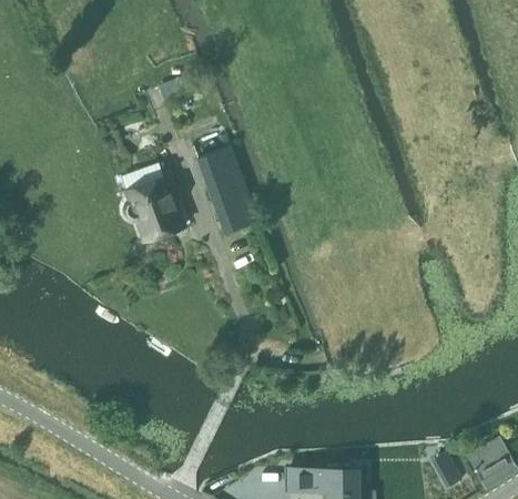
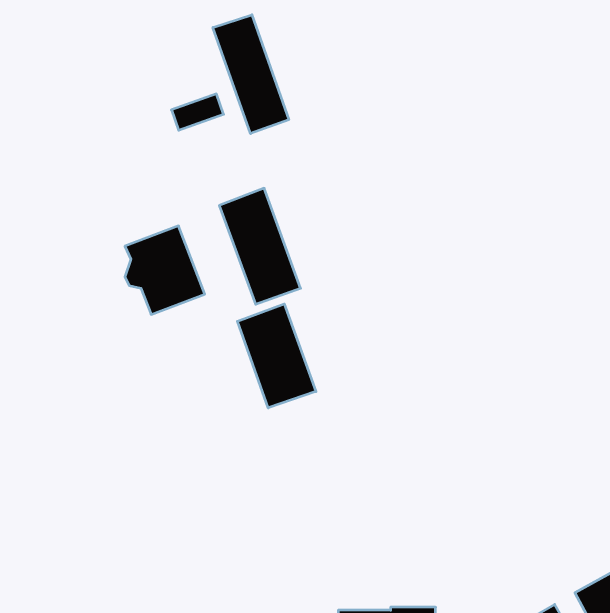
building: none -> [213,15,289,134]
building: none -> [237,304,316,408]

